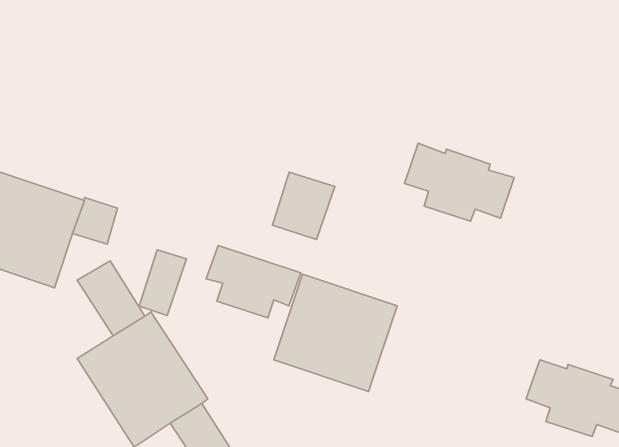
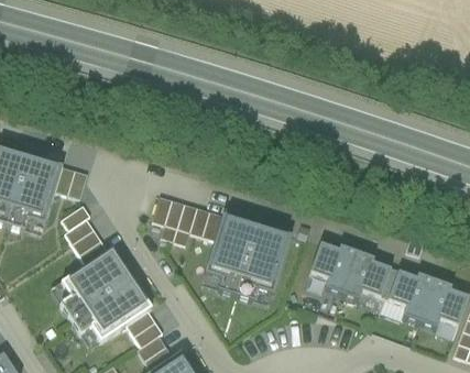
building: [405,143,514,221] -> [311,253,392,310]
building: [272,172,335,240] -> none
building: [139,250,187,315] -> none

